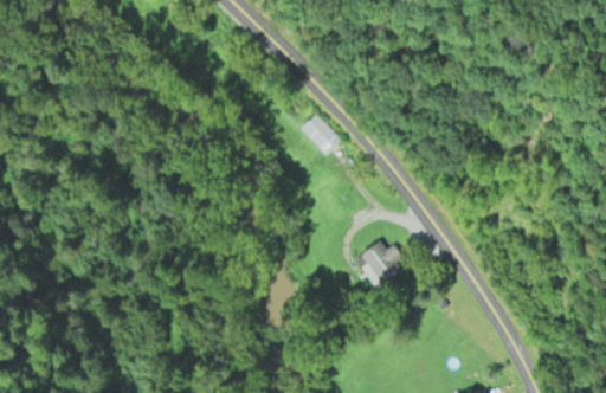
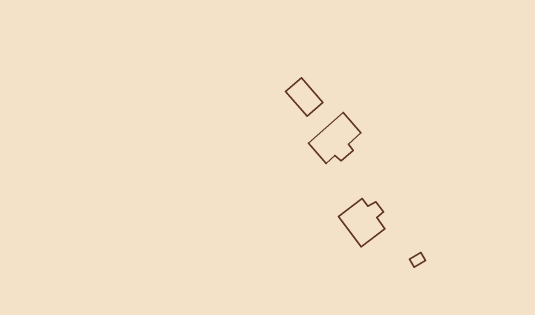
building: none -> [308,113,361,164]

